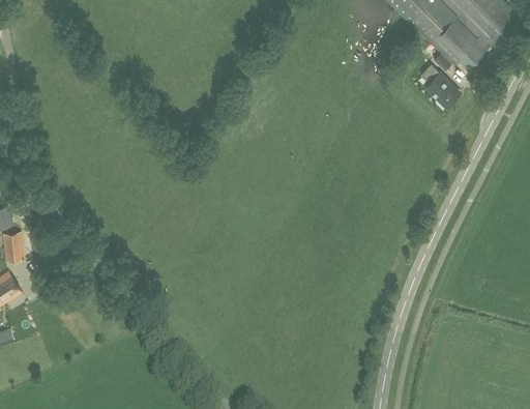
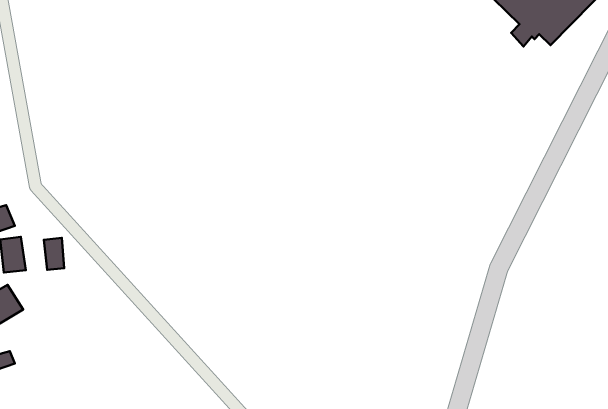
building: [421,63,458,107] -> none
building: none -> [44,238,64,270]

